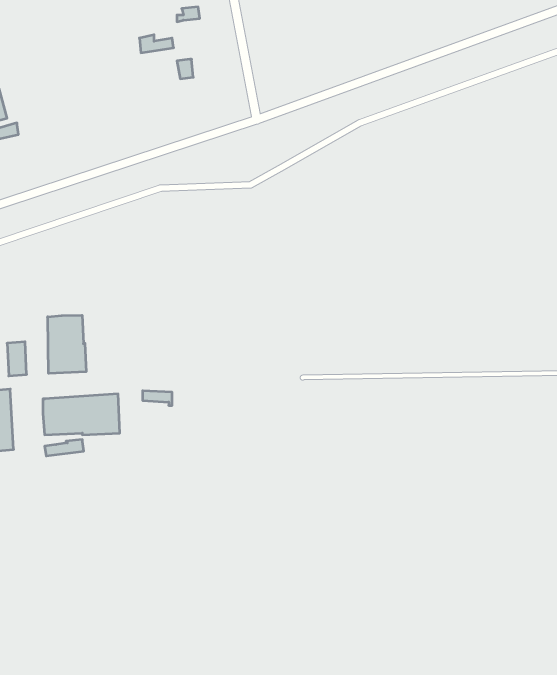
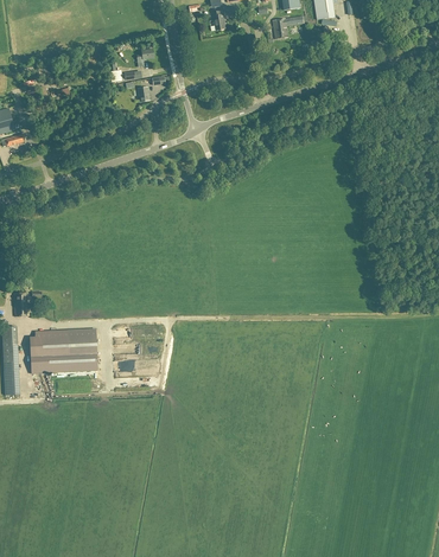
building: [48,315,86,373] -> none

